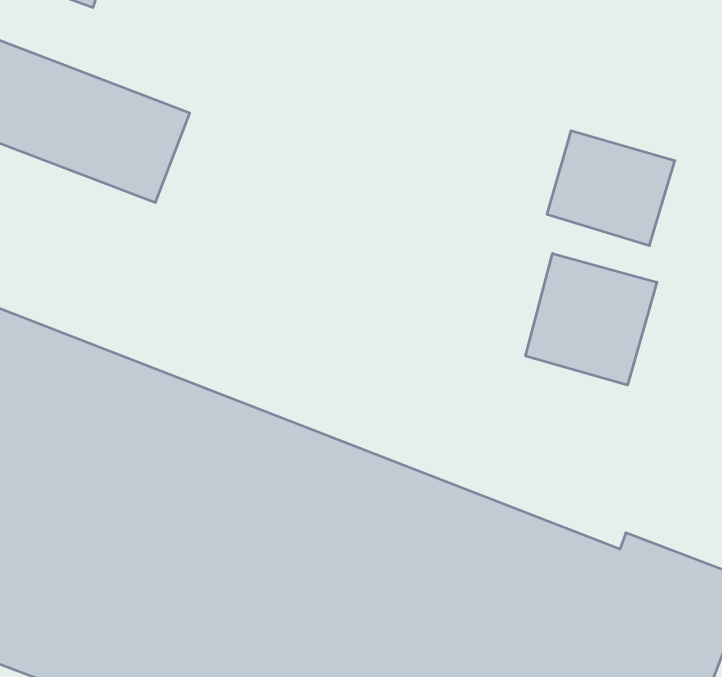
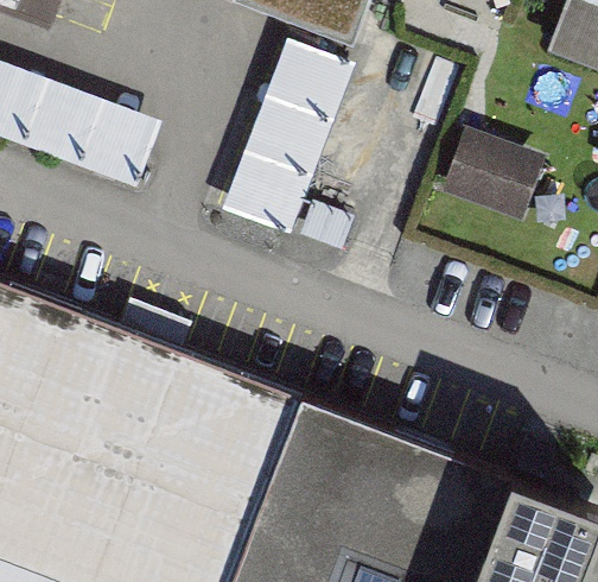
building: none -> [217,44,352,242]
building: [526,253,657,385] -> none

